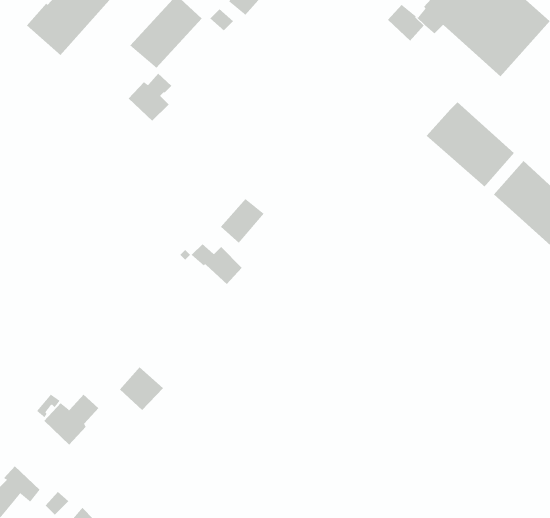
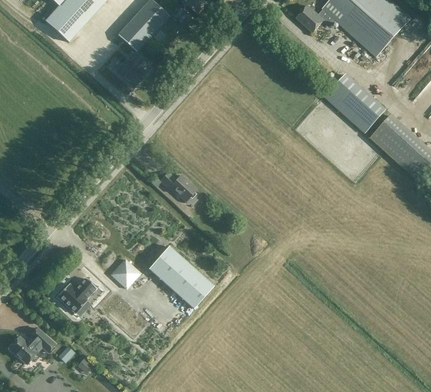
building: [220,198,265,243] -> none
building: none -> [149,246,213,308]

